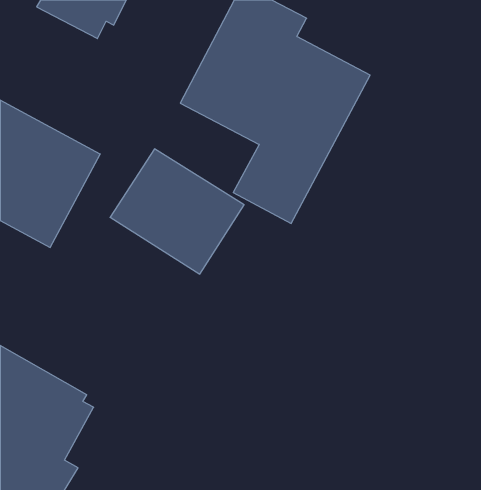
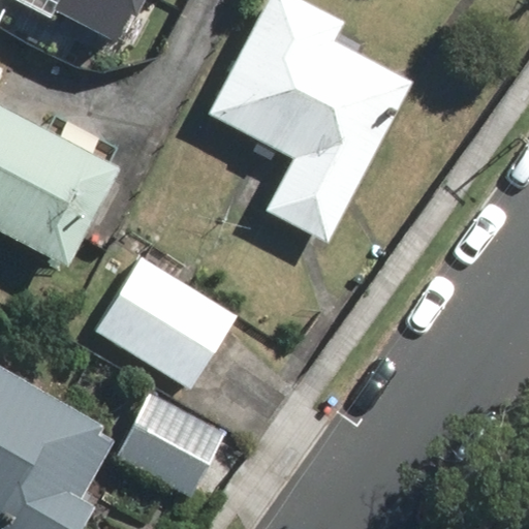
building: [110,149,244,274] -> [93,254,237,388]
building: none -> [114,391,227,495]

